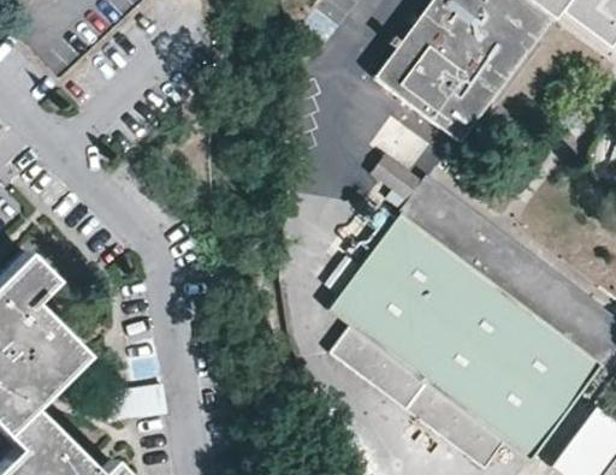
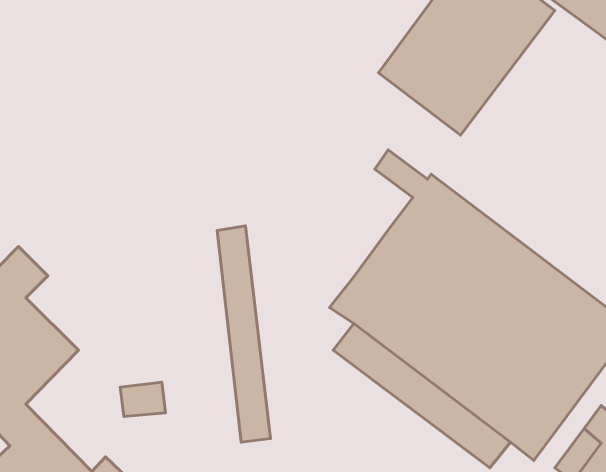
building: none -> [217,226,270,442]

